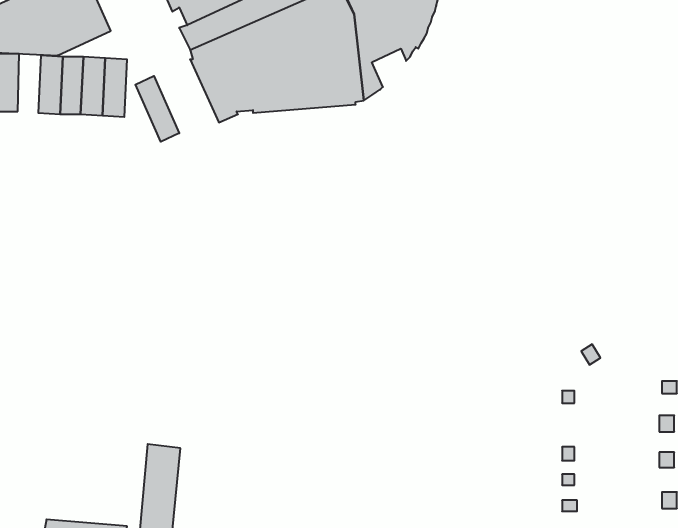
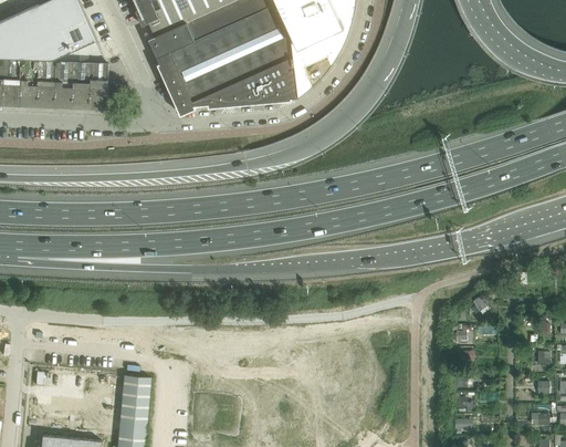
building: none -> [18,60,36,107]
building: [135,76,179,142] -> none

